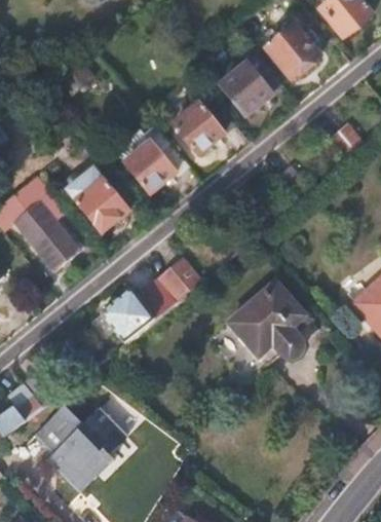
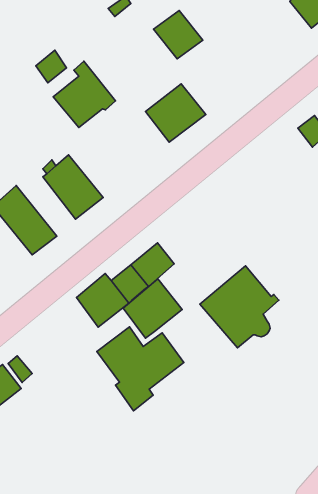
building: [264,24,318,78] -> none
building: [220,63,271,113] -> [153,10,203,59]
building: [122,122,187,191] -> [53,61,115,127]
building: none -> [123,279,182,338]
building: [39,400,129,487] -> [97,327,184,411]

